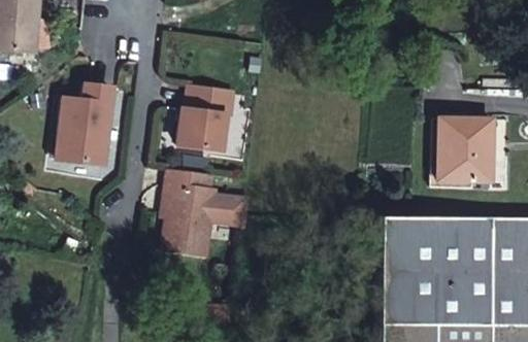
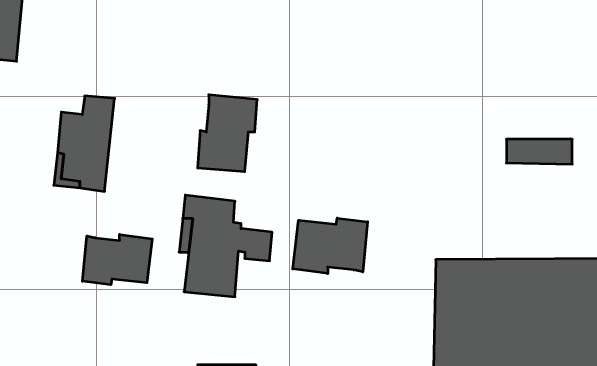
building: [437,140,492,183] -> none
building: none -> [293,218,368,274]
building: none -> [82,234,152,285]

